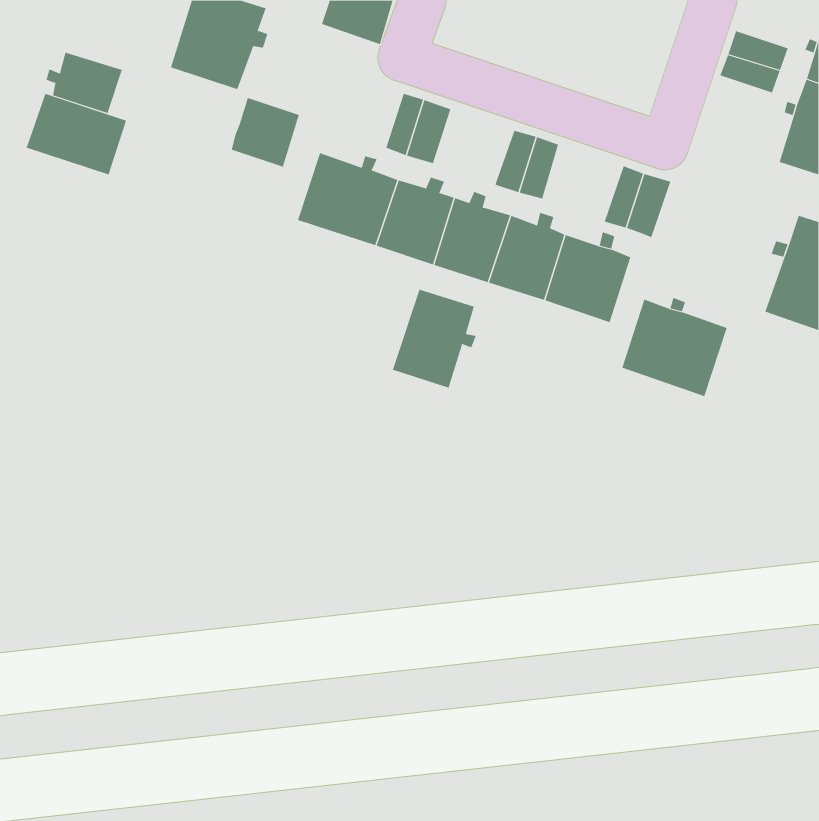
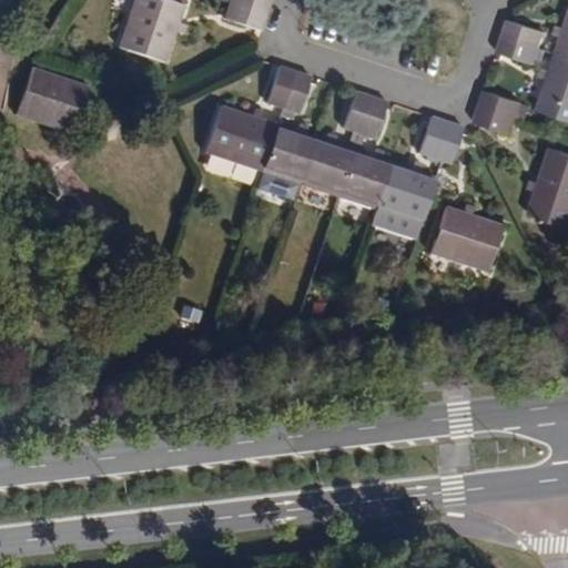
building: [46,52,123,114] -> none
building: [231,97,300,167] -> none
building: none -> [473,90,520,134]
building: [392,289,477,388] -> none

